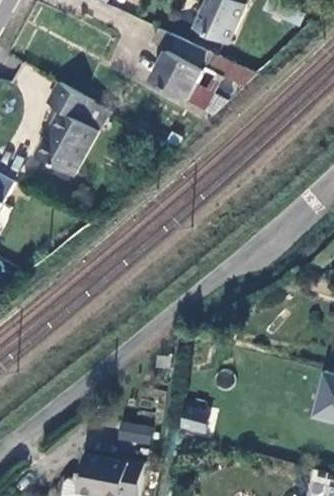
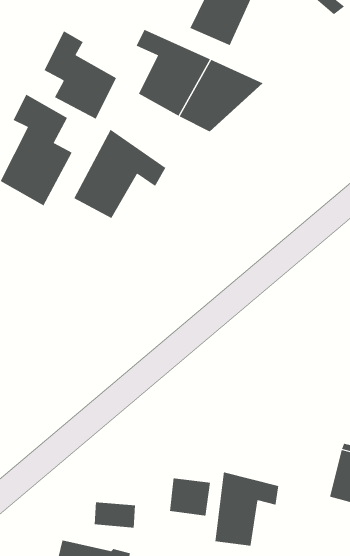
building: none -> [44,31,117,120]
building: none -> [74,129,166,219]
building: none -> [215,471,279,546]

